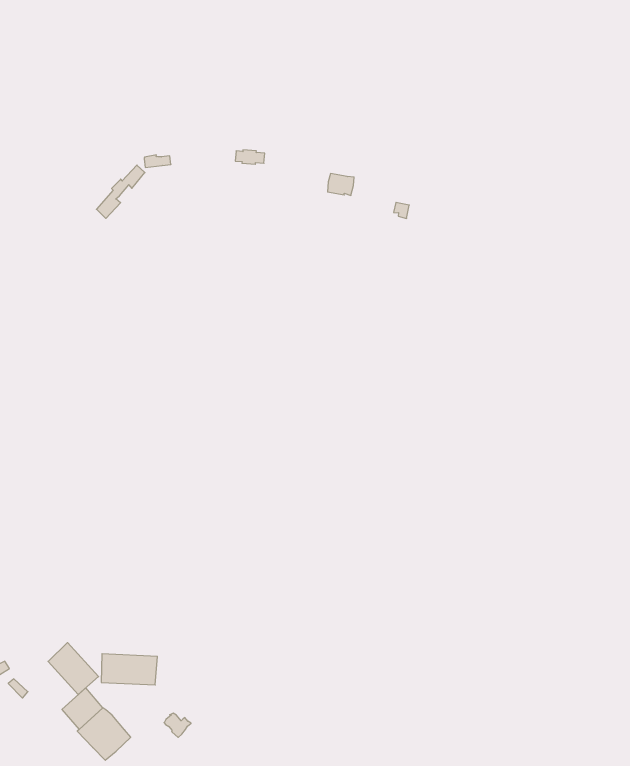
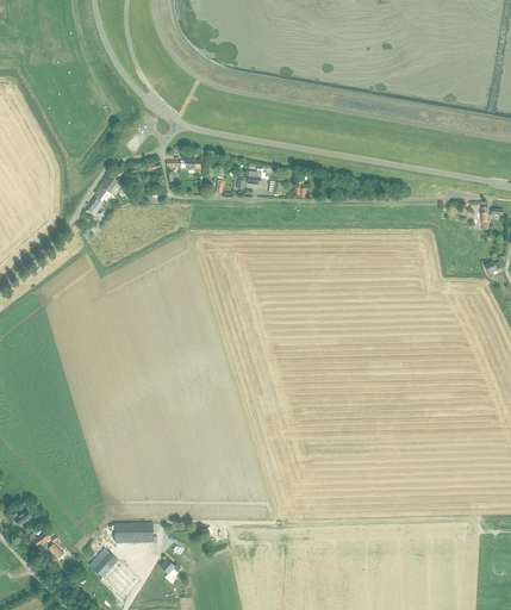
building: [48,643,99,694] -> none

